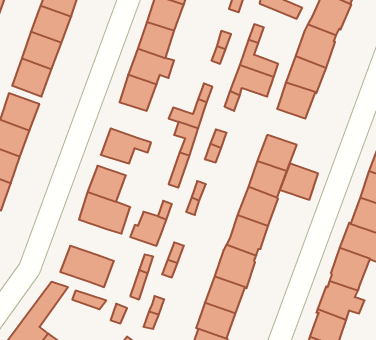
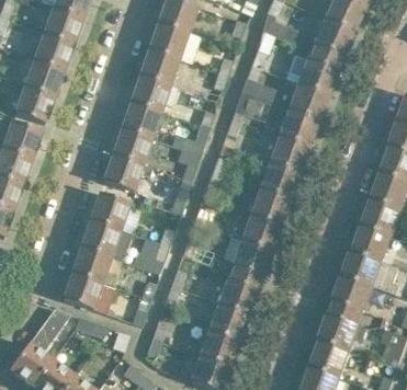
building: none -> [112,128,148,164]
building: [280,164,318,200] -> [269,135,307,171]
building: none -> [71,245,109,282]

